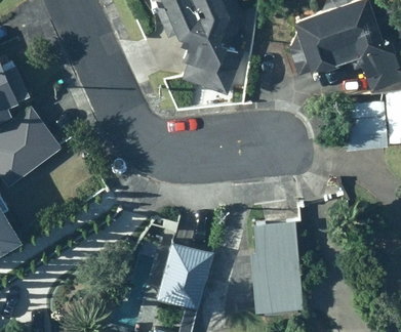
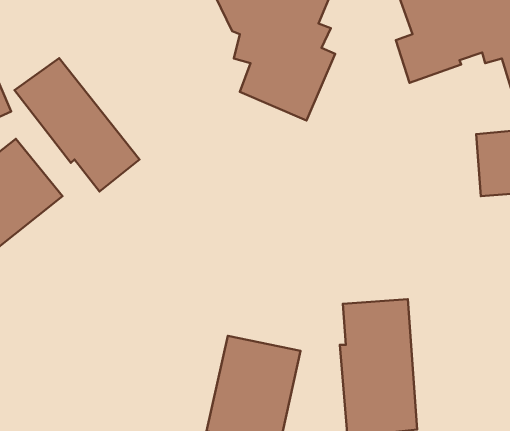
building: none -> [15,58,140,191]

